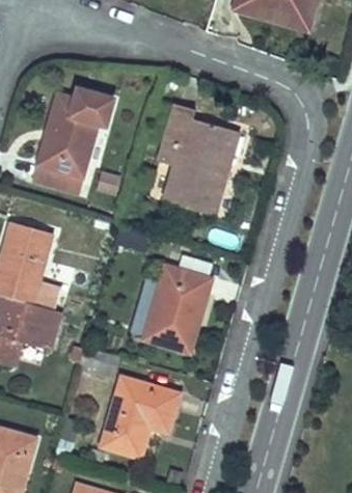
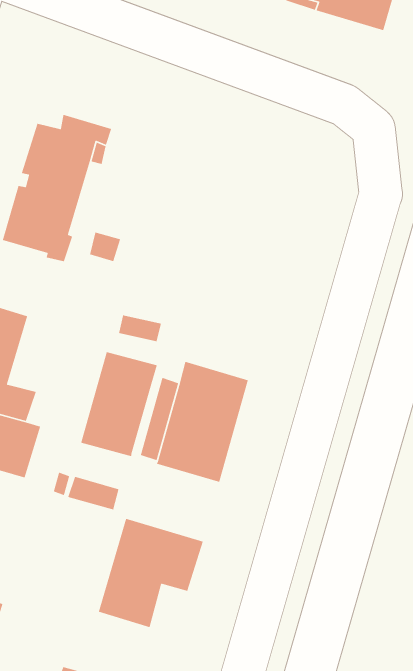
building: [160,104,236,216] -> none
building: none -> [80,351,158,457]

